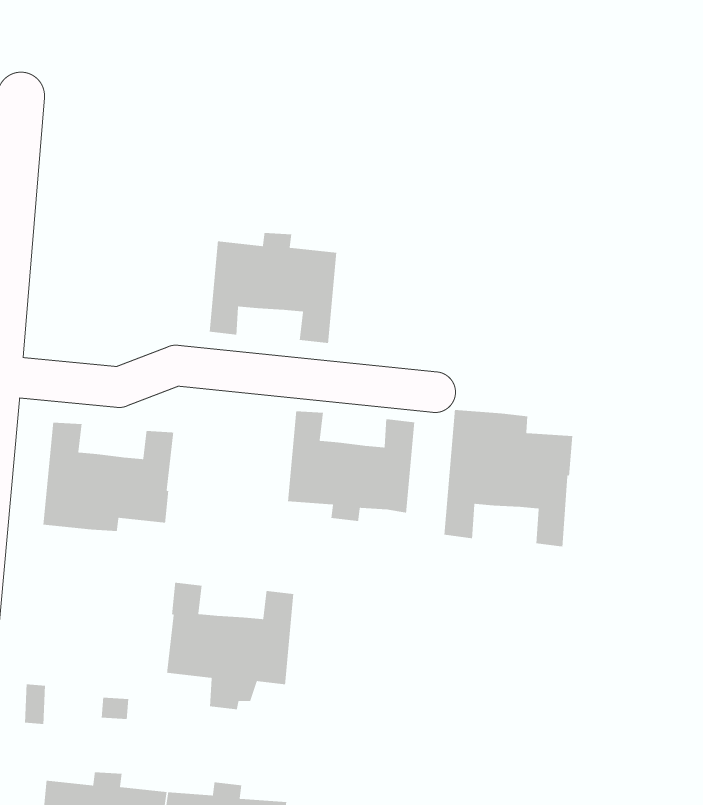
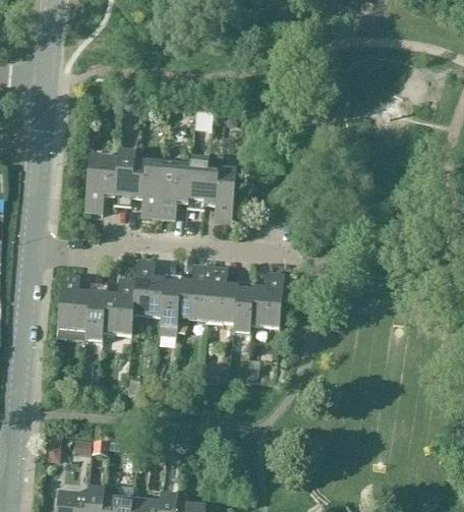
building: none -> [82,150,162,218]
building: [443,409,573,548] -> none
building: [166,582,294,710] -> [131,259,210,337]

